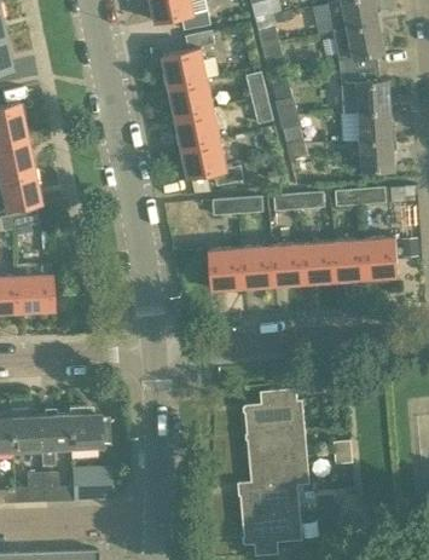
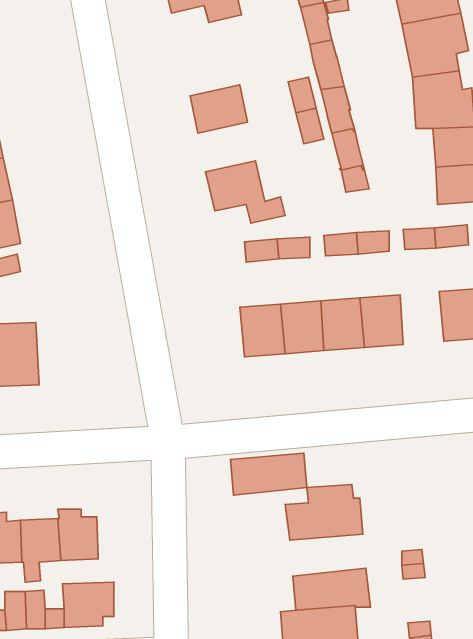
building: [162,31,214,87] -> none
building: [175,108,220,146] -> none
building: [332,239,366,281] -> none
building: [247,428,306,461] -> [231,453,307,495]

